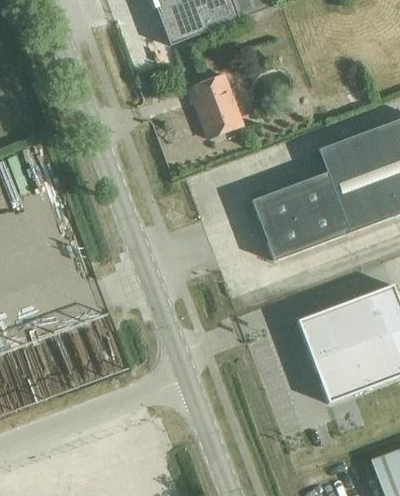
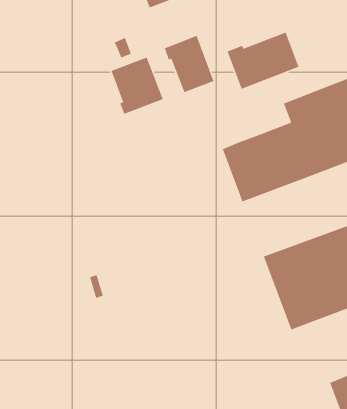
building: none -> [227,32,300,90]
building: none -> [110,57,164,115]

